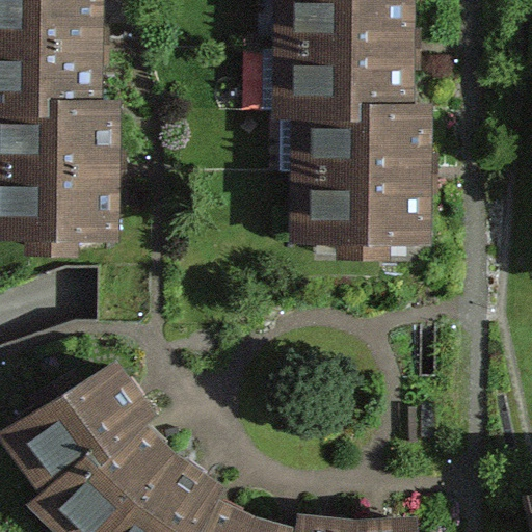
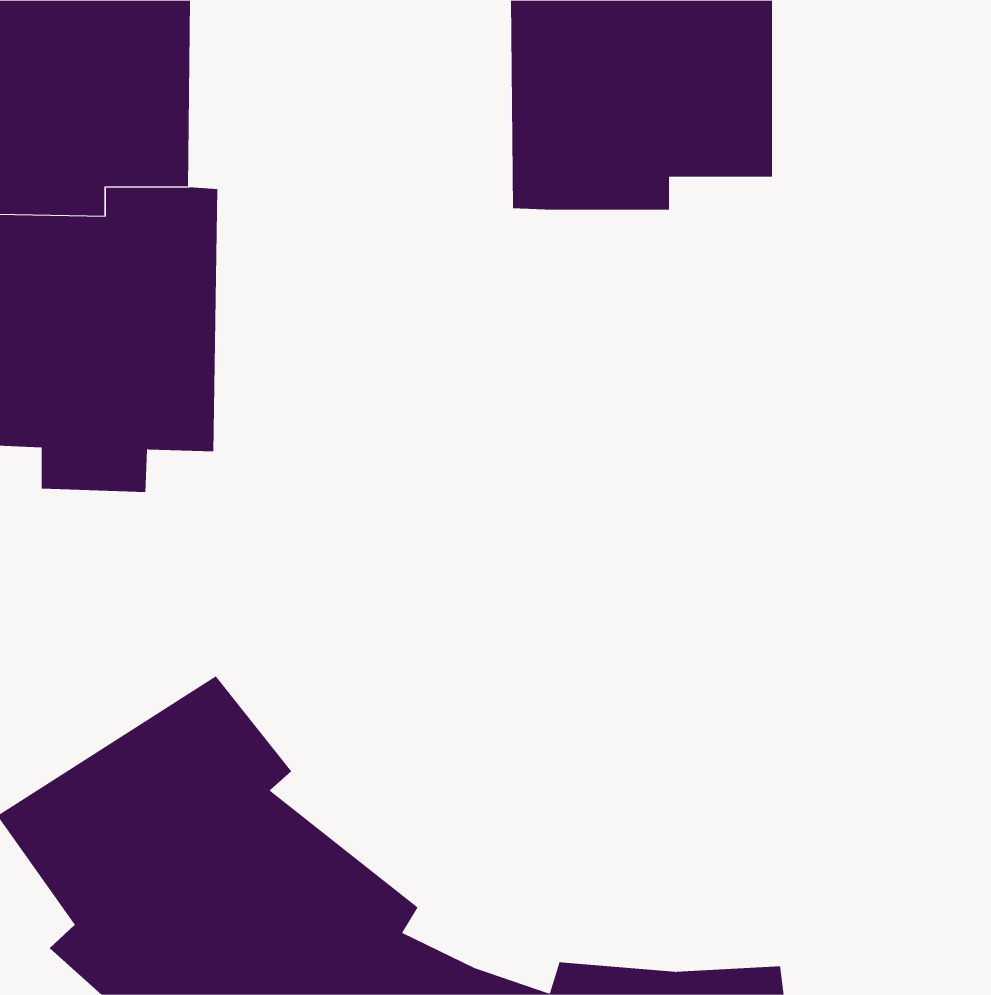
building: [292,95,433,268] -> none

